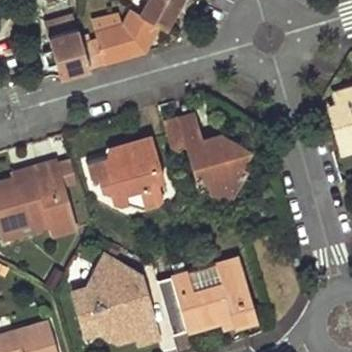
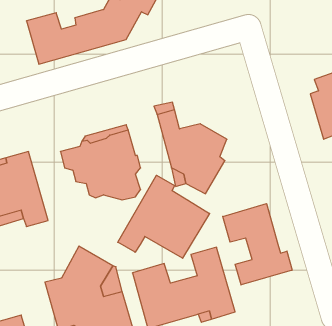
building: none -> [118,175,210,258]
building: none -> [223,204,292,285]

